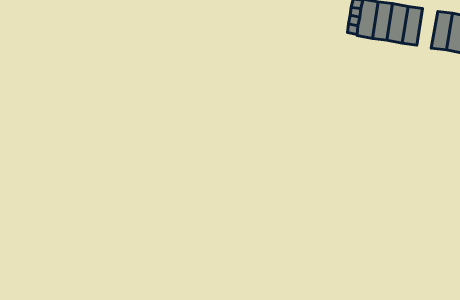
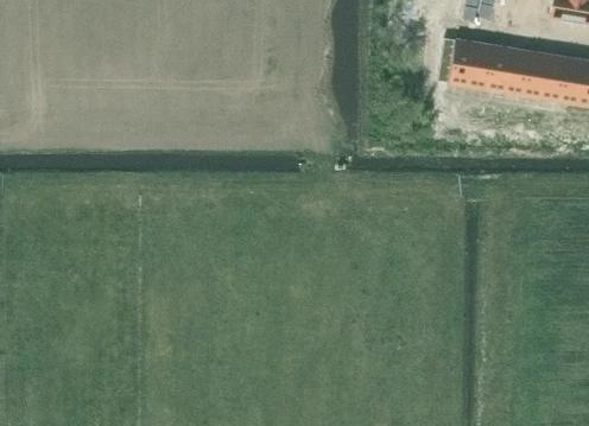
building: none -> [530,50,556,98]

